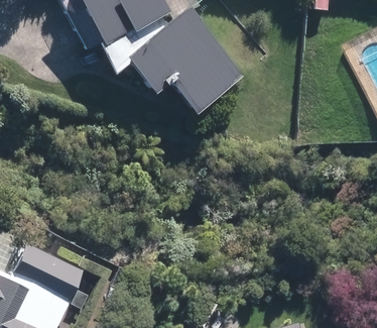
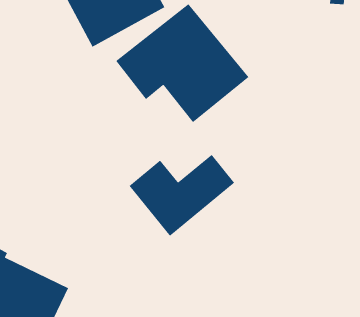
building: none -> [128,154,235,237]

